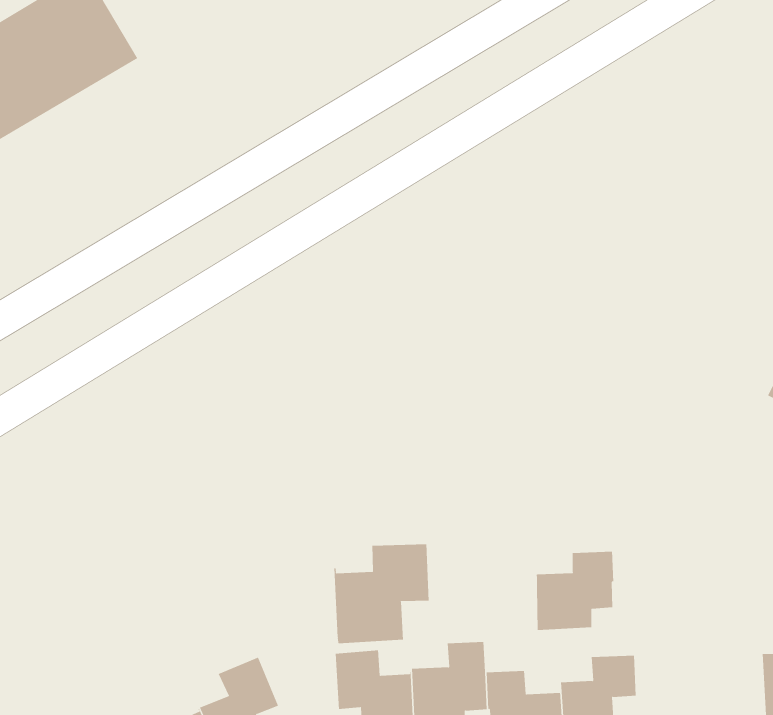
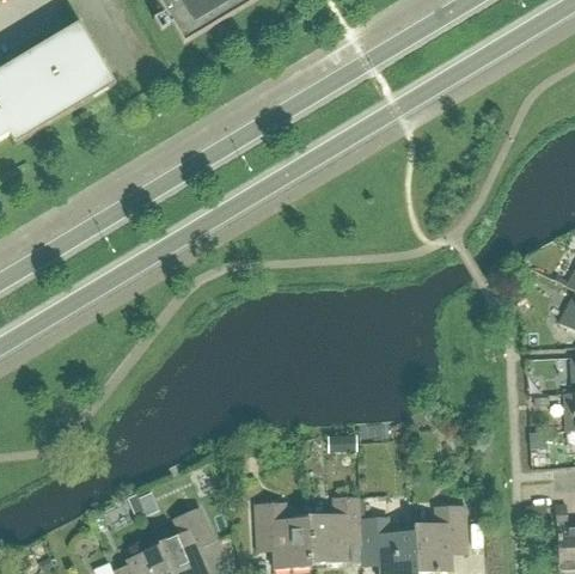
building: [334,543,429,644] -> none
building: [536,551,614,631] -> none

